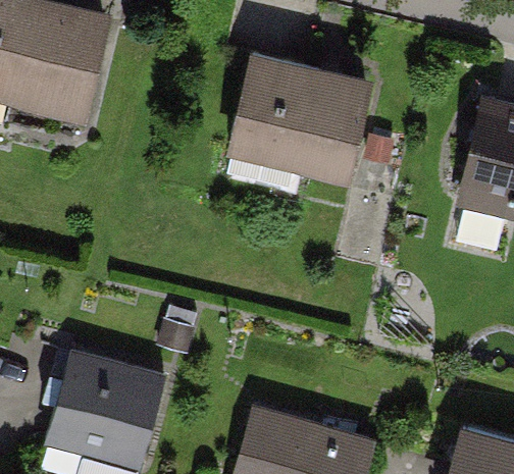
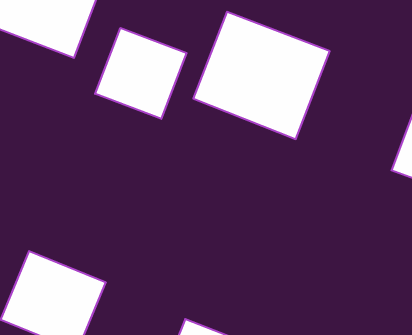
building: none -> [95,28,187,119]

